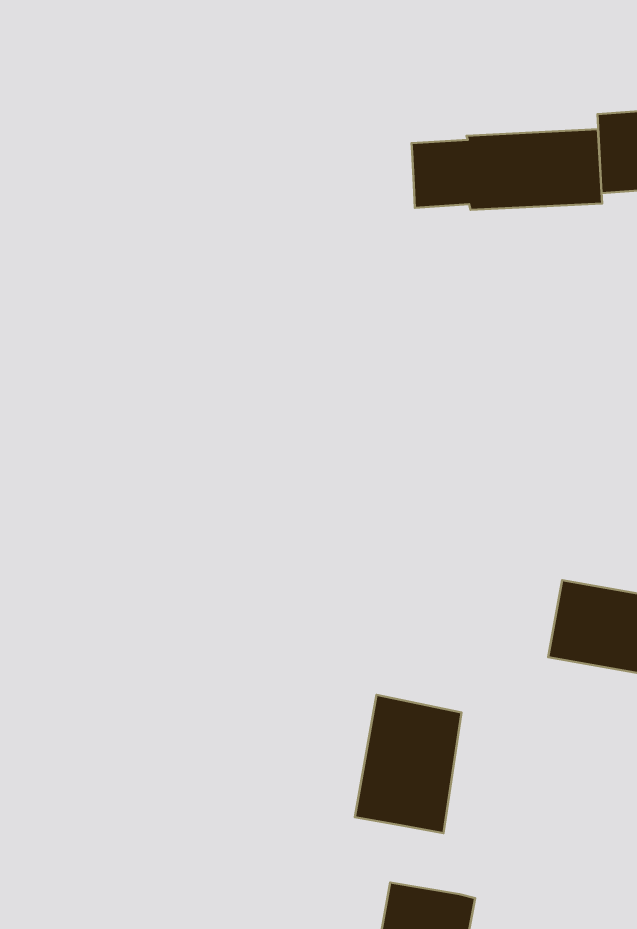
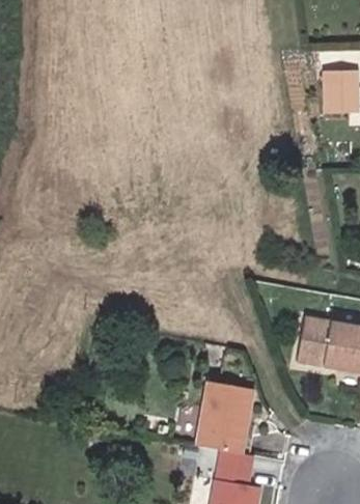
building: [411,129,602,210] -> none
building: none -> [215,448,256,484]

